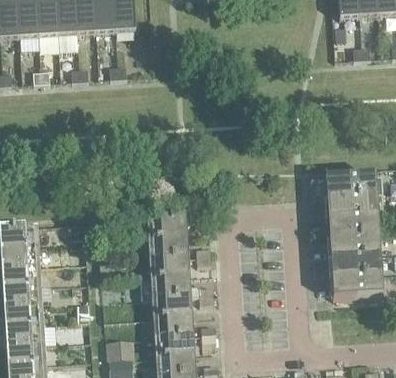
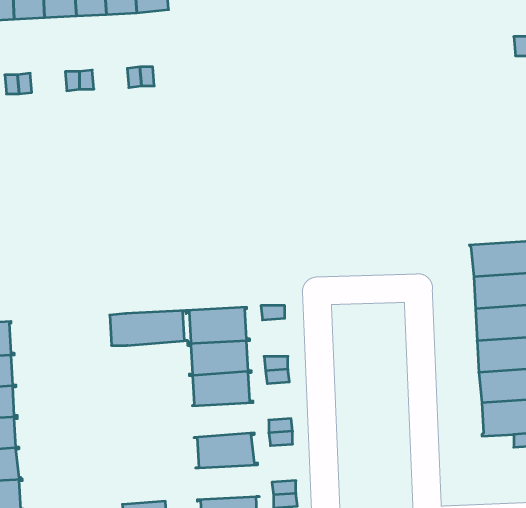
building: [140,274,189,296] -> [110,310,188,345]
building: [152,313,192,335] -> none

